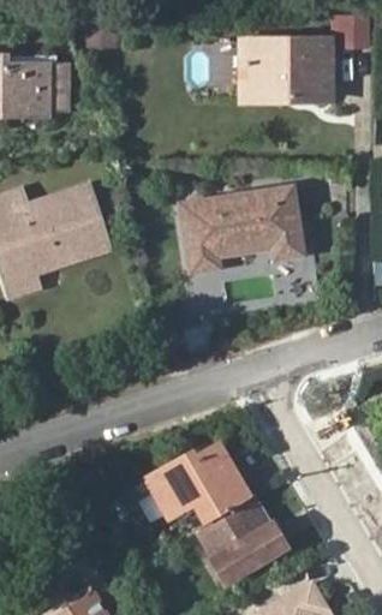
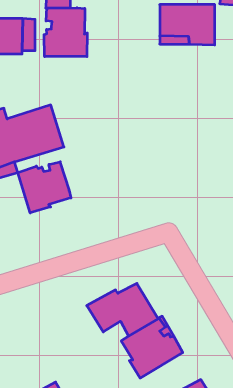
building: none -> [44,8,87,57]
building: [181,185,306,270] -> none
building: none -> [18,162,71,213]

